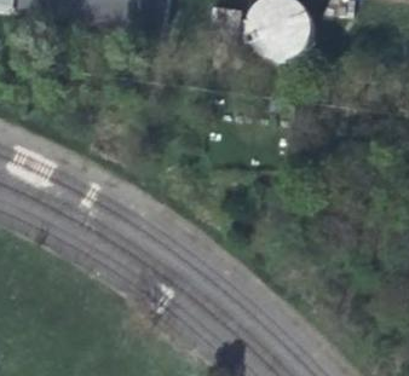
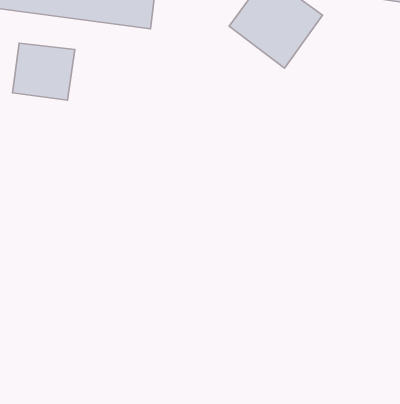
building: none -> [13,43,75,100]

